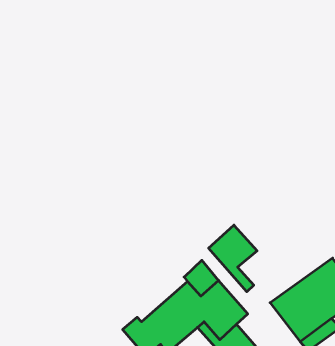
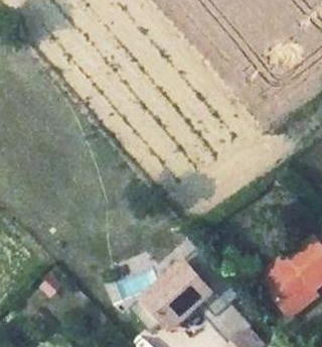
building: [209,225,257,292] -> none

